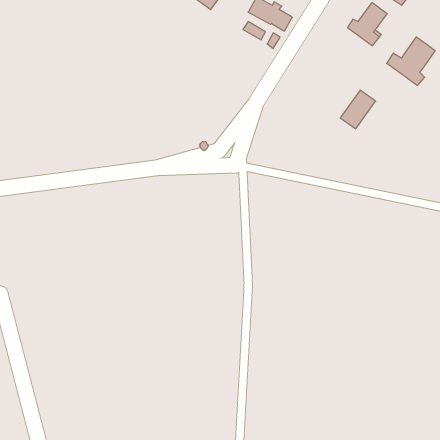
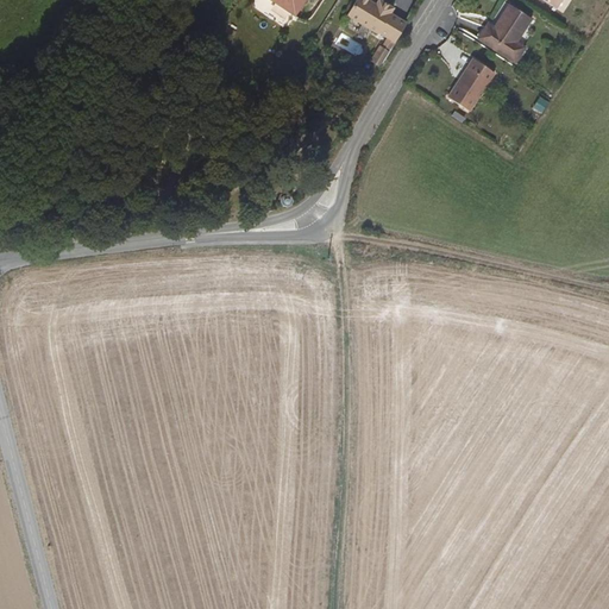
building: [387,37,435,86] -> none
building: [340,90,376,129] -> [447,55,496,108]

